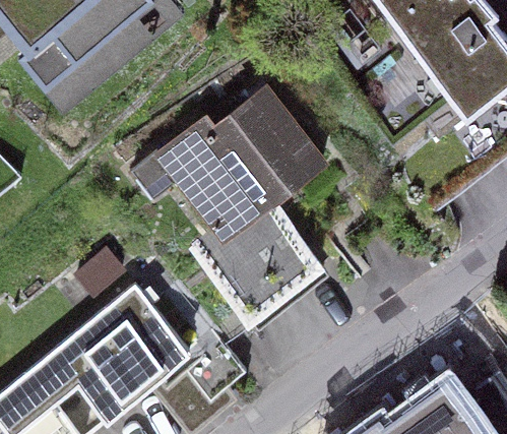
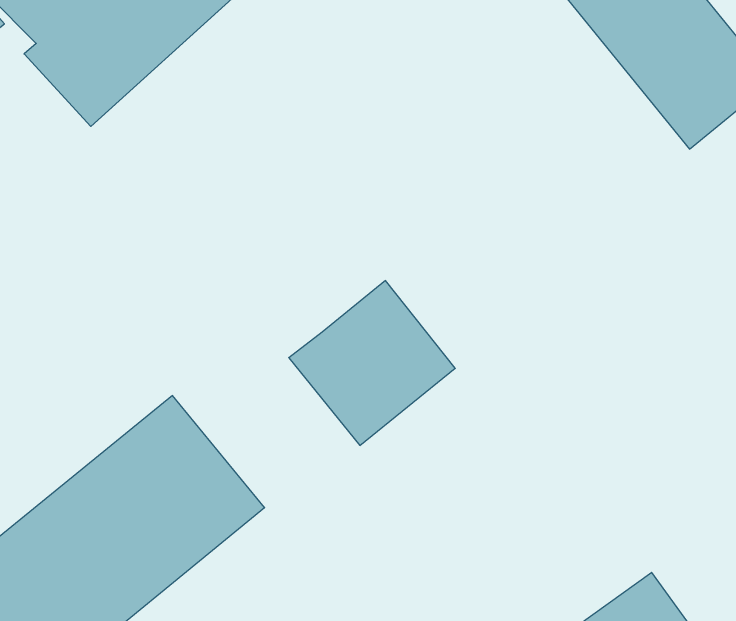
building: [166,91,322,234] -> none

